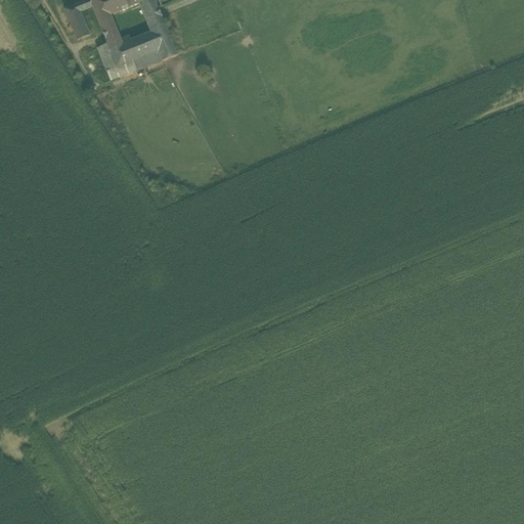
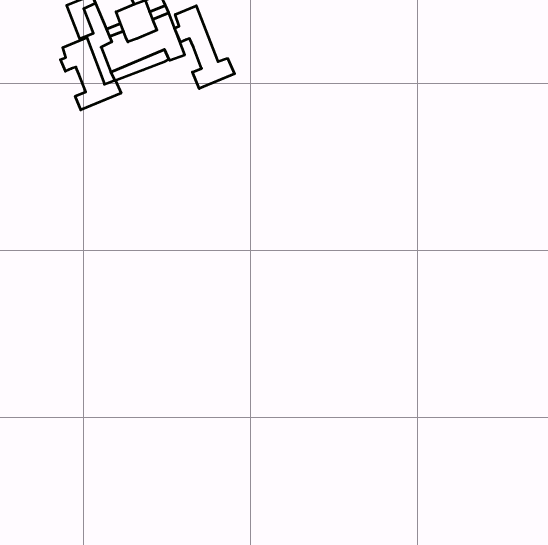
building: none -> [175,6,235,89]
building: none -> [60,38,121,110]

